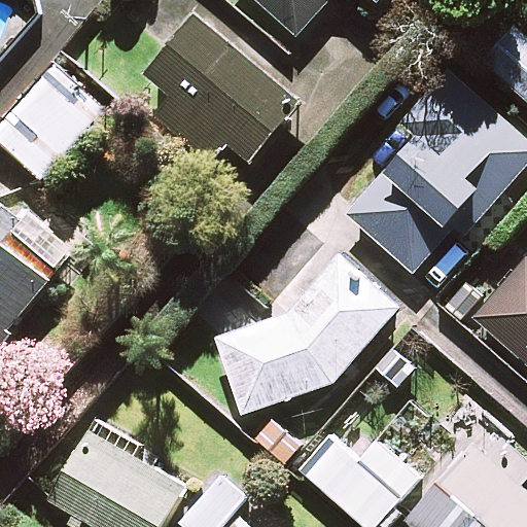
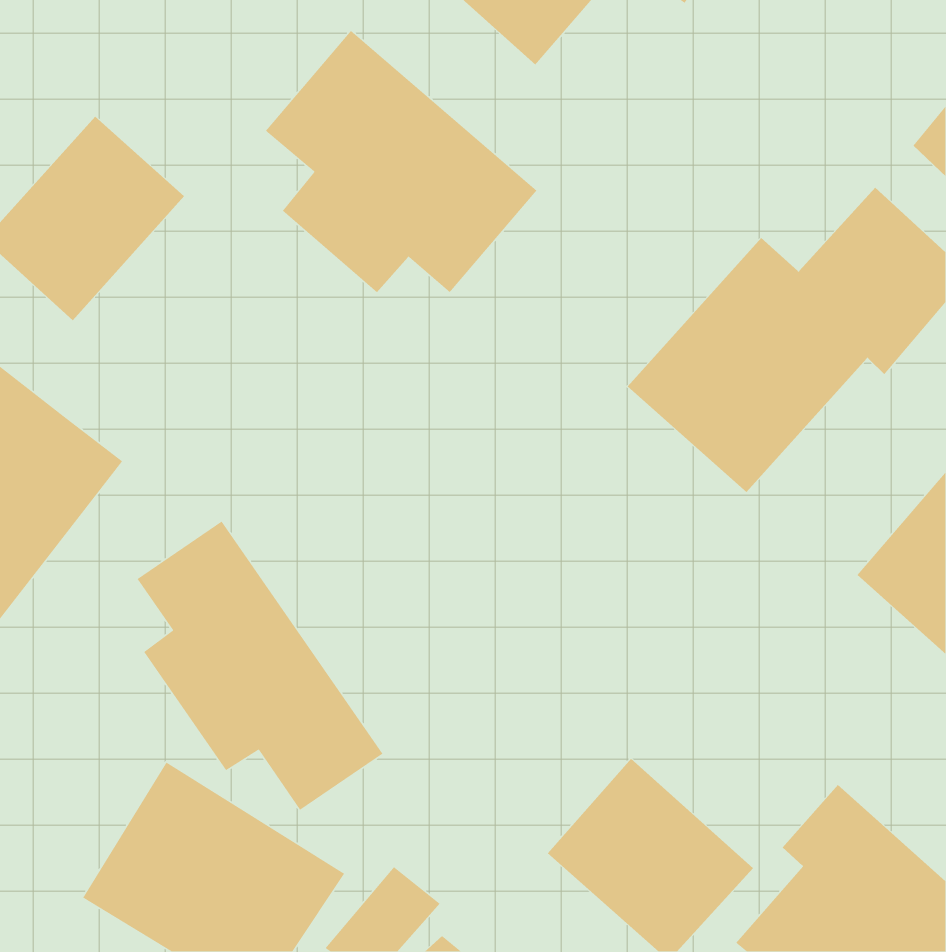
building: [217,258,394,411] -> none
building: none -> [137,520,383,811]

